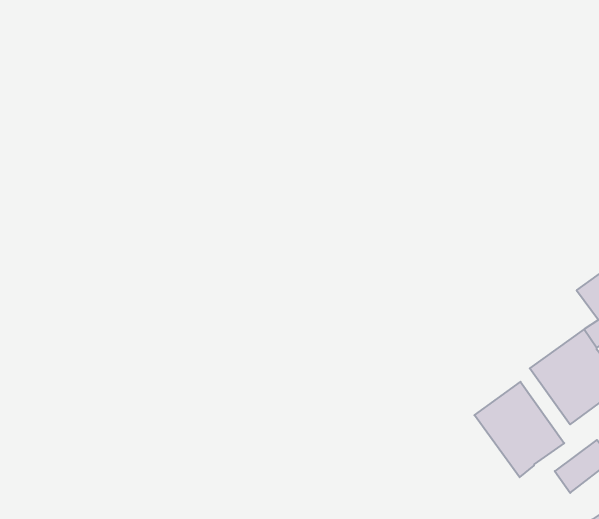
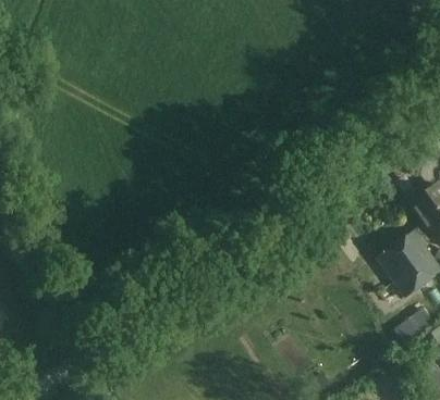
building: [474,382,564,477] -> none

